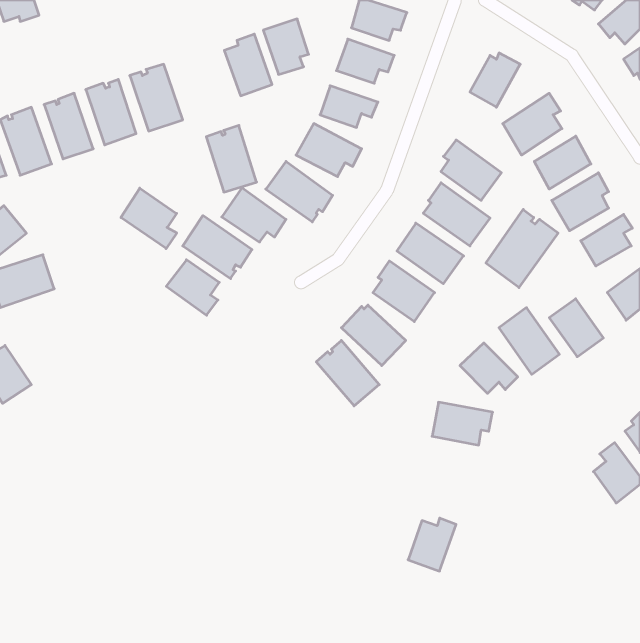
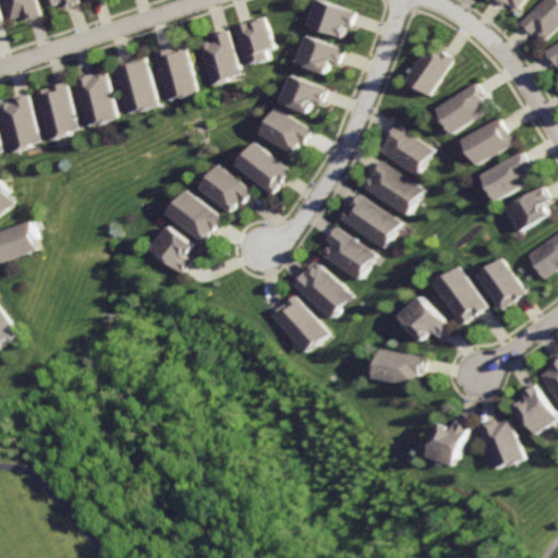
building: [206,125,257,192] -> [150,44,194,101]
building: [121,188,177,249] -> none
building: [486,209,558,288] -> none
building: none -> [476,420,521,469]
building: [408,518,456,571] -> [425,421,466,466]

